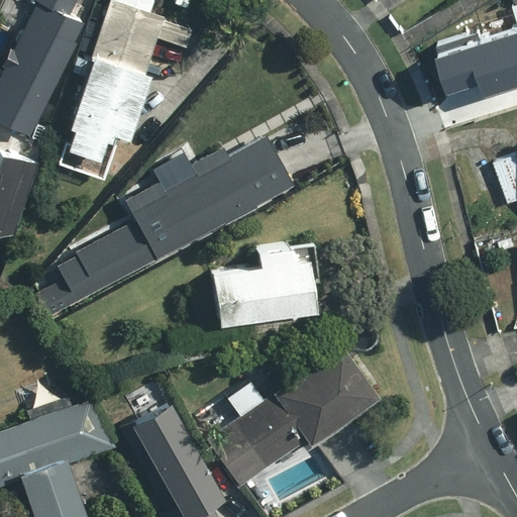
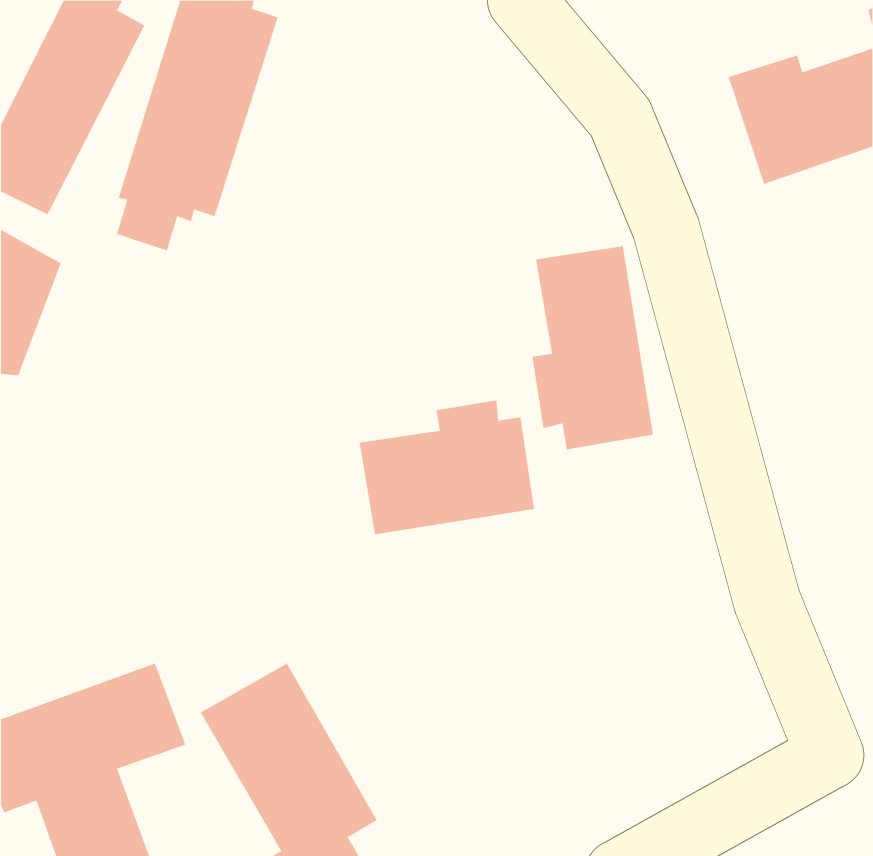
building: [37,134,291,315] -> none
building: none -> [532,245,653,450]
building: [208,345,382,489] -> none

